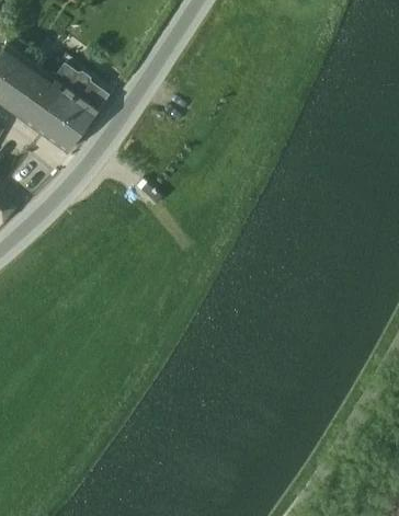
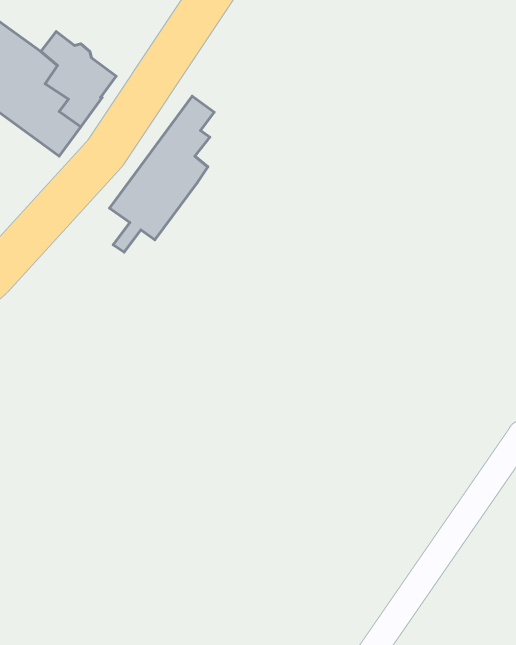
building: none -> [110,96,214,252]

